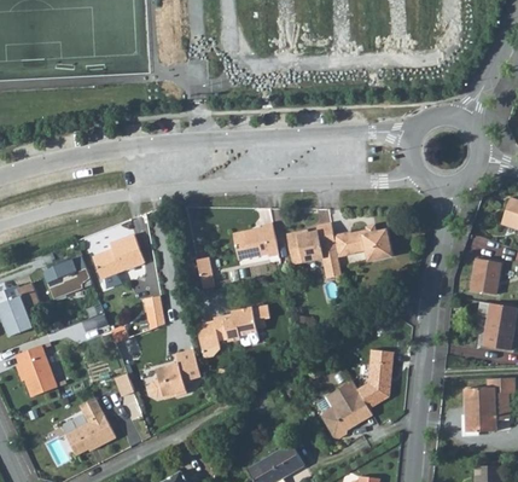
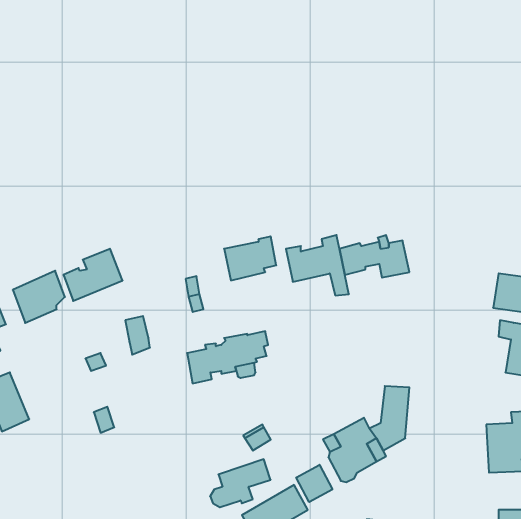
building: [147,358,200,400] -> [210,459,271,507]
building: [65,396,116,454] -> none
building: none -> [296,465,332,502]

